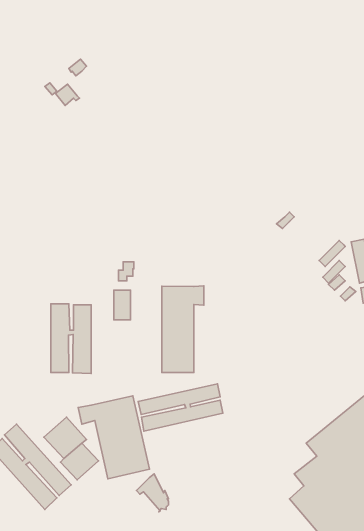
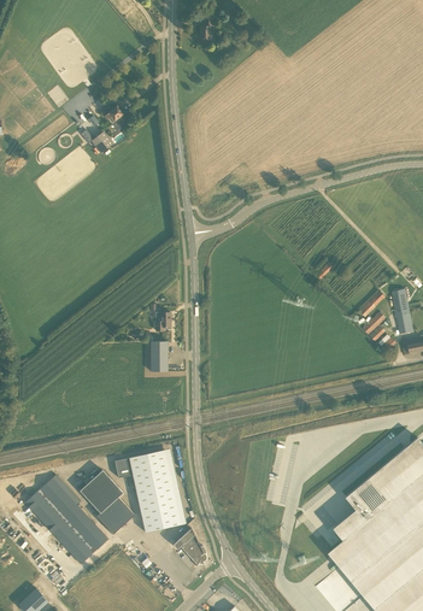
building: [162,286,204,373] -> none
building: [51,304,91,373] -> none
building: [138,384,223,431] -> none

